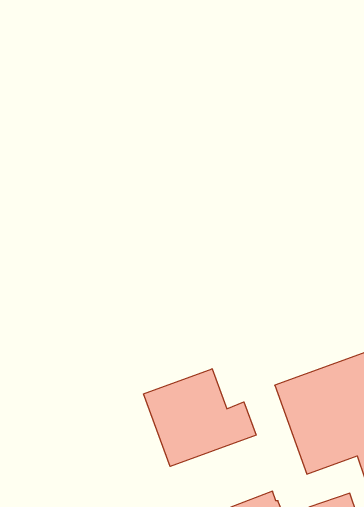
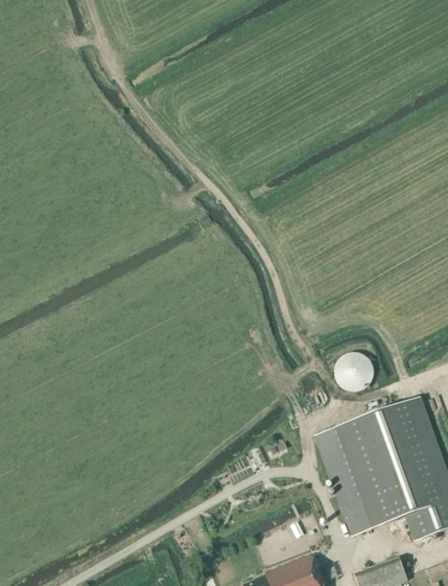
building: none -> [334,355,370,391]
building: [144,369,256,466] -> none

